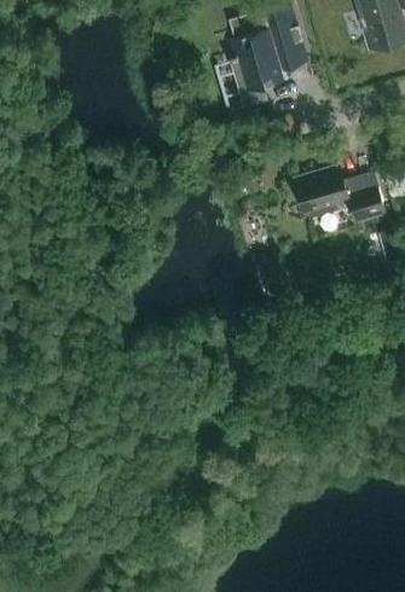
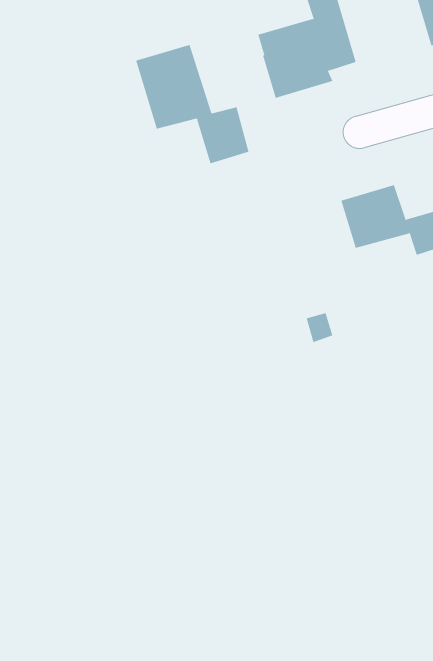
building: none -> [136,44,249,164]

